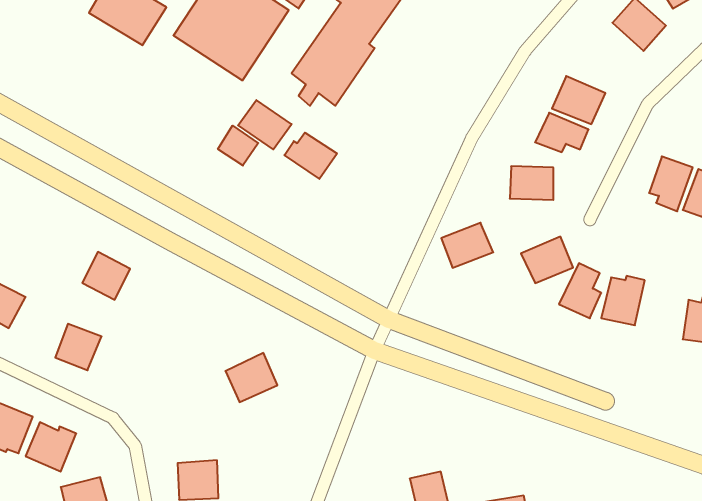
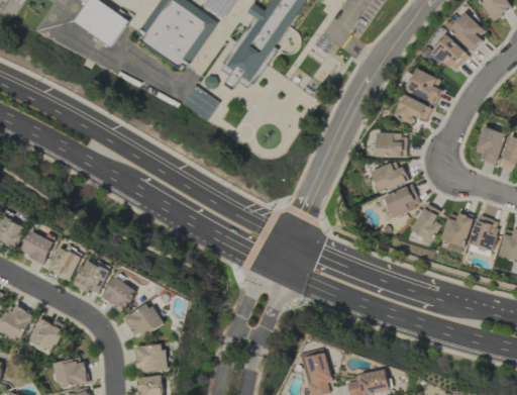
building: none -> [430,34,469,73]
building: [218,126,258,166] -> none
building: [284,133,337,179] -> none
building: [441,223,493,268] -> [370,161,407,193]
building: [82,252,130,300] -> [20,230,55,265]
building: none -> [467,215,499,257]
building: none -> [73,260,110,294]
building: [225,353,277,402] -> [124,303,162,338]
building: none -> [102,277,137,312]

